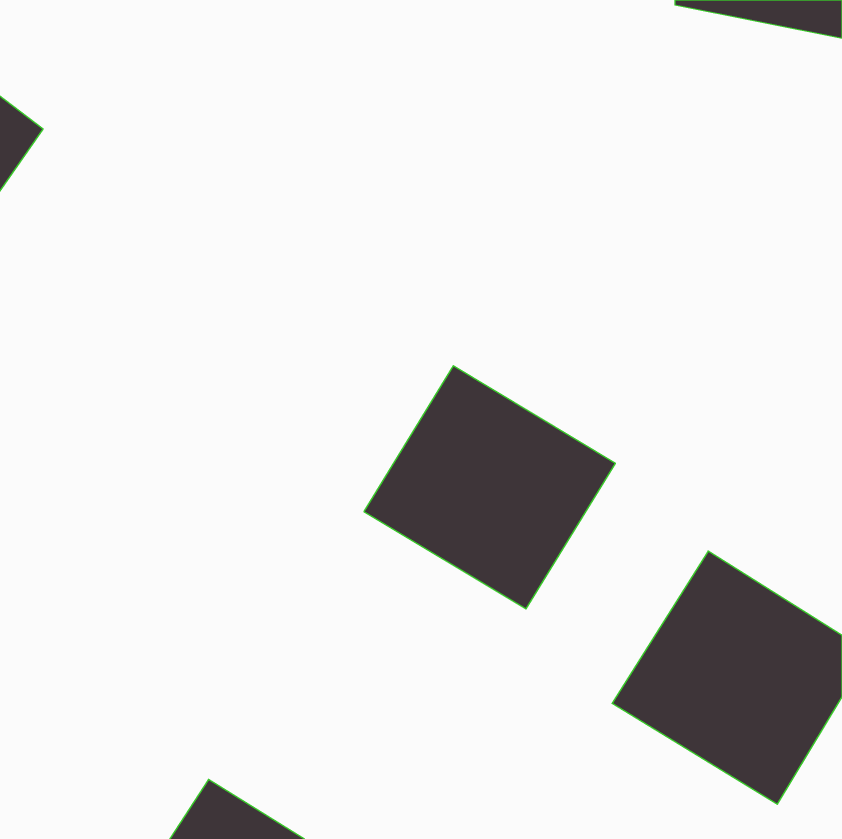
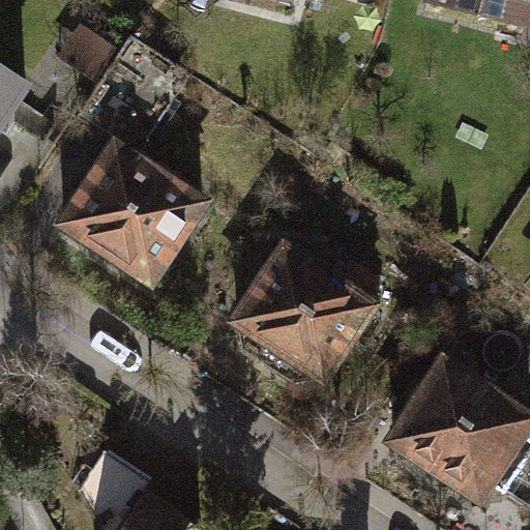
building: none -> [53,134,216,293]

